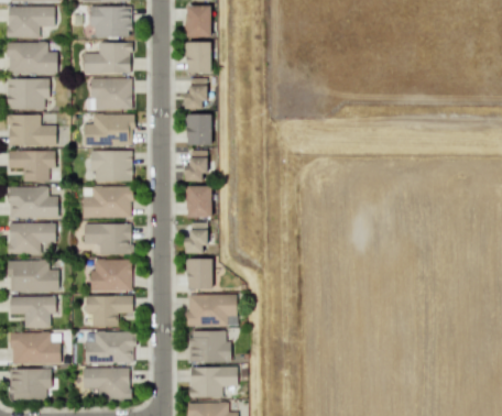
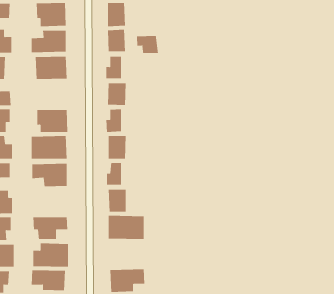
building: none -> [136,35,158,54]
building: [83,114,133,146] -> none
building: [90,260,132,292] -> none
building: [189,331,231,362] -> none

